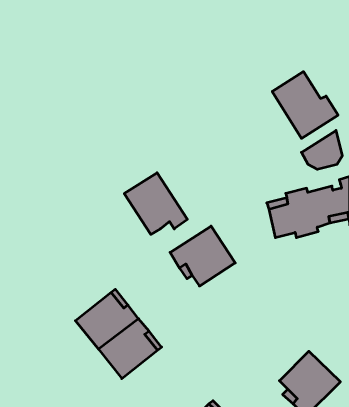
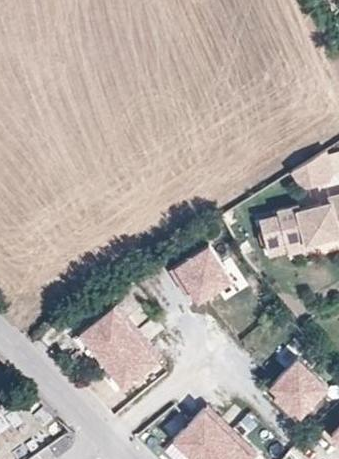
building: [272,72,338,138] -> none
building: [124,173,187,234] -> none

